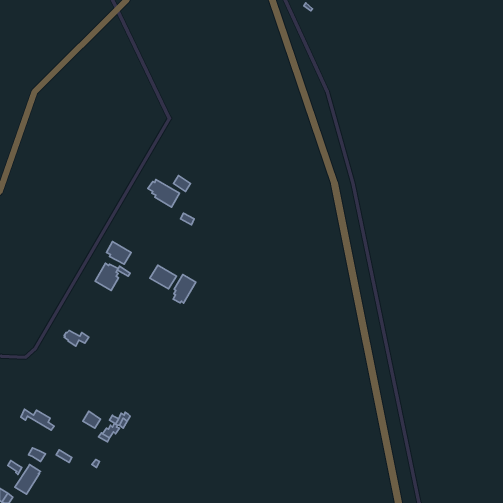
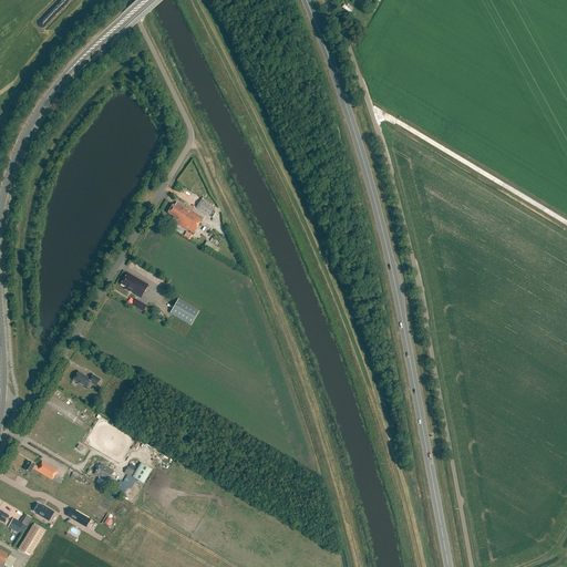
building: [95,263,118,290] -> none
building: [173,274,196,303] -> none

